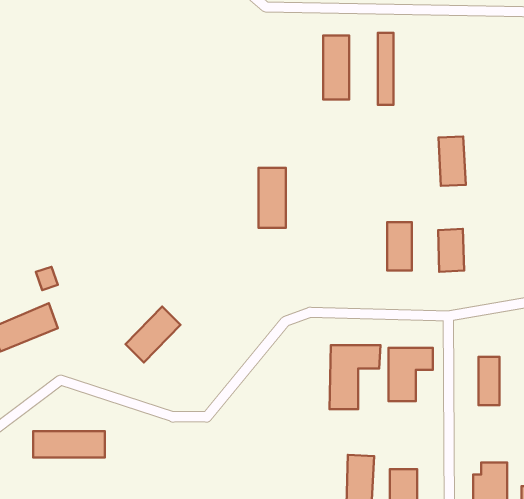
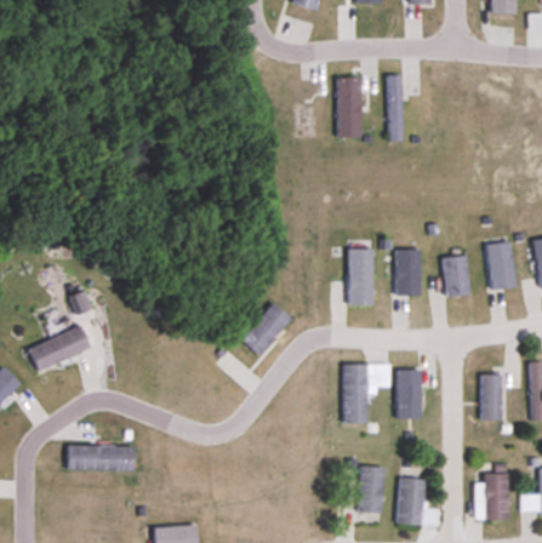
building: [438,136,466,186] -> [489,244,514,290]
building: [258,168,286,228] -> [348,250,373,305]
building: [125,306,180,363] -> [241,303,292,355]

